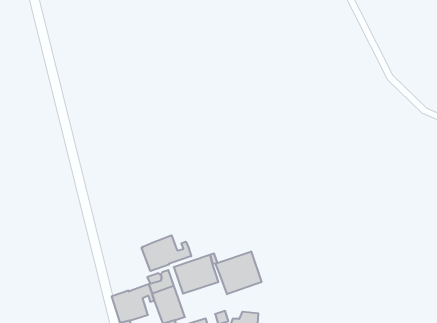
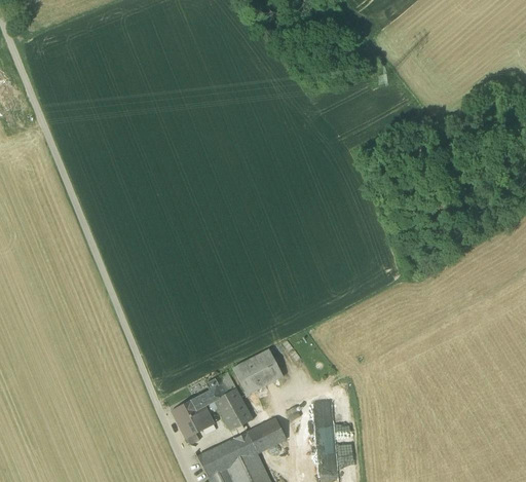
building: [142,235,191,271] -> none
building: [216,251,261,294] -> none

